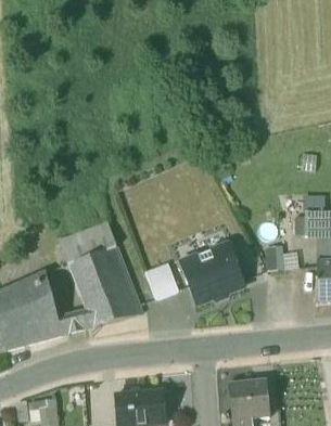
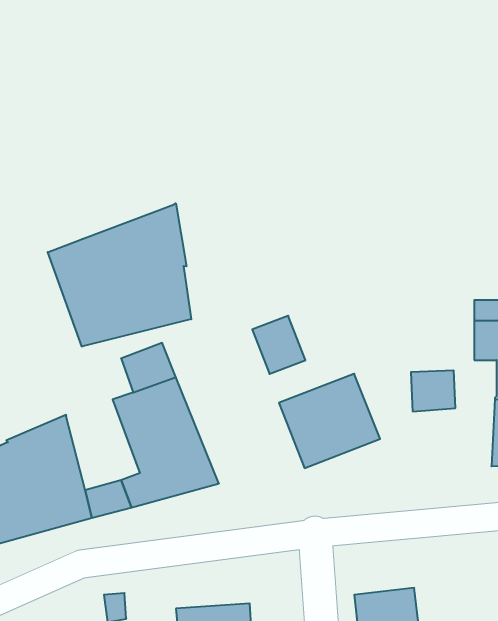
building: none -> [48,203,191,347]
building: [145,262,179,299] -> [252,316,305,374]

